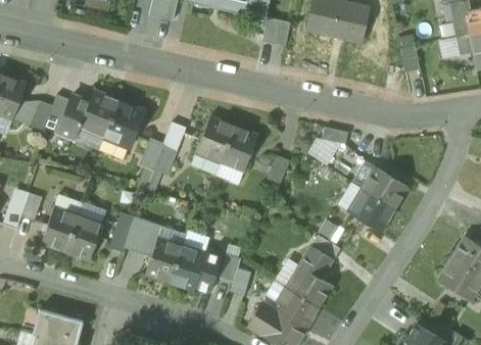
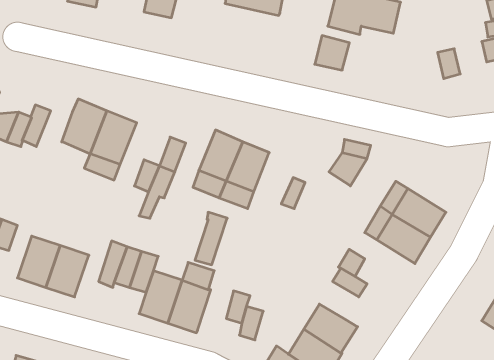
building: [261,16,291,46] -> [315,36,349,70]
building: [57,95,88,139] -> none
building: [299,246,333,279] -> none
building: [195,247,223,292] -> [195,212,227,265]

